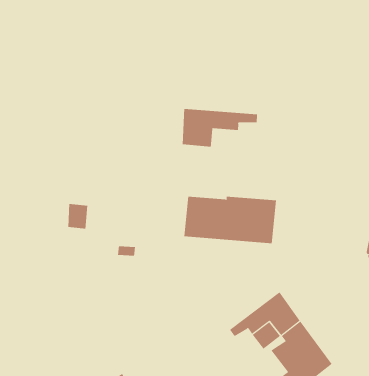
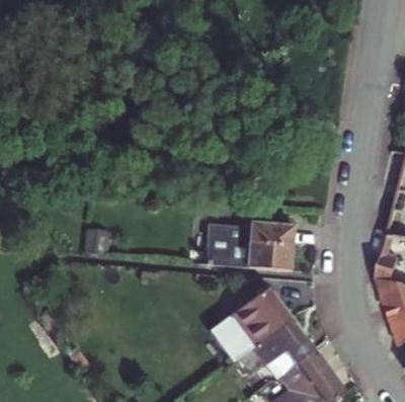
building: [182,108,258,148] -> none
building: none -> [215,287,293,358]

